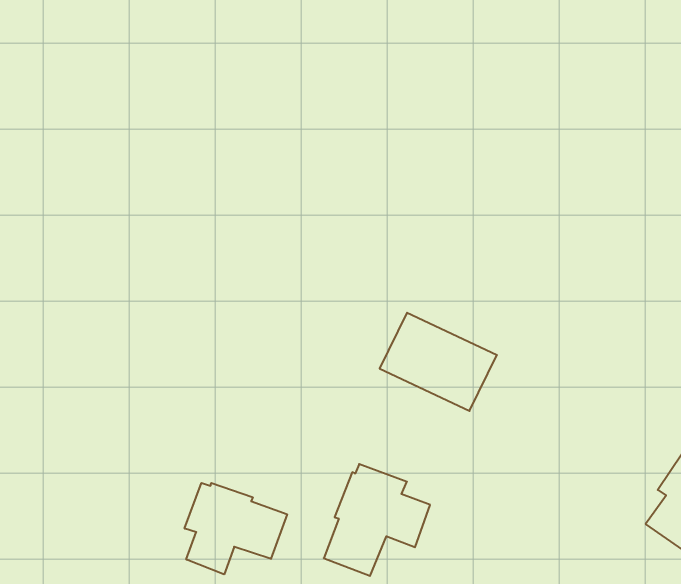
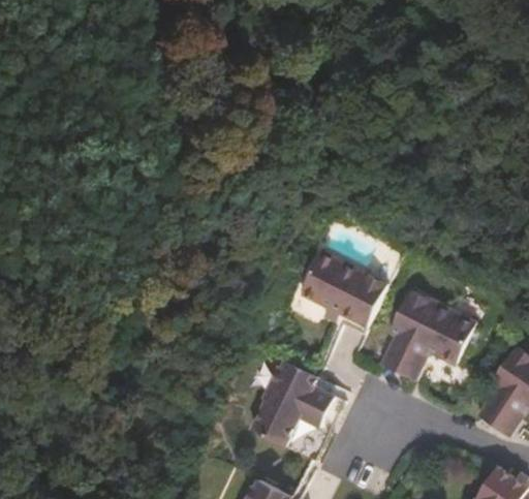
building: none -> [383,289,477,375]
building: [185,483,287,574] -> none

